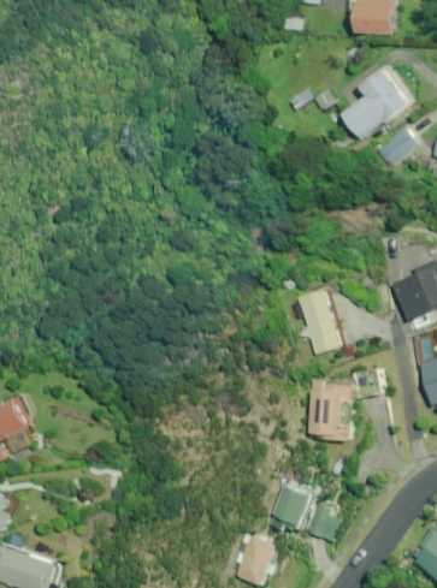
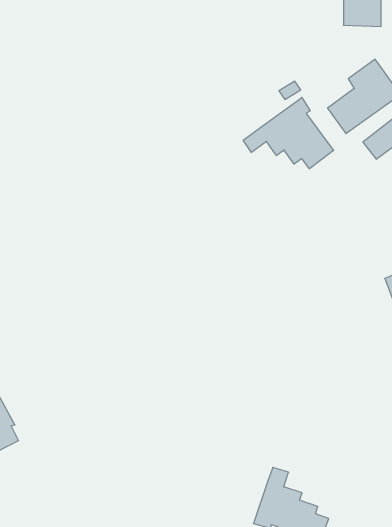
building: none -> [243,97,334,169]
building: [300,290,342,354] -> none
building: [306,378,356,440] -> none

